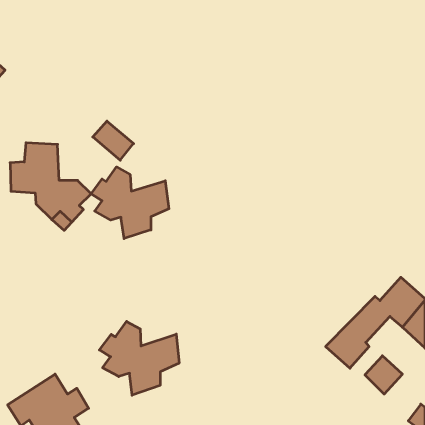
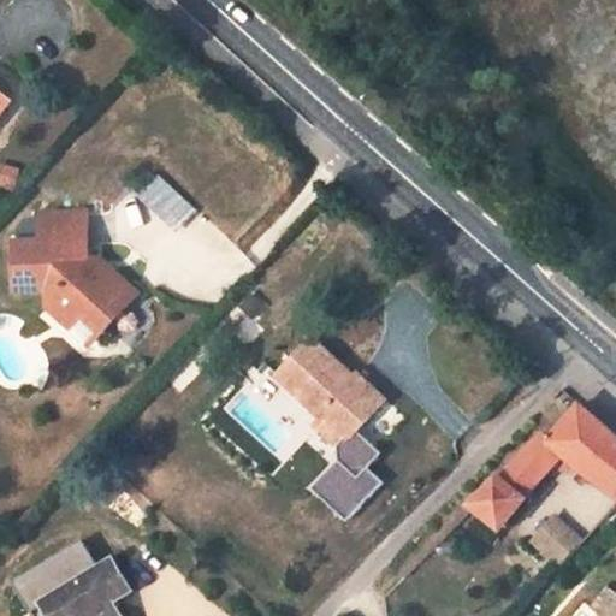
building: [91,167,169,239] -> none
building: none -> [276,339,384,522]
building: [99,321,179,395] -> none

